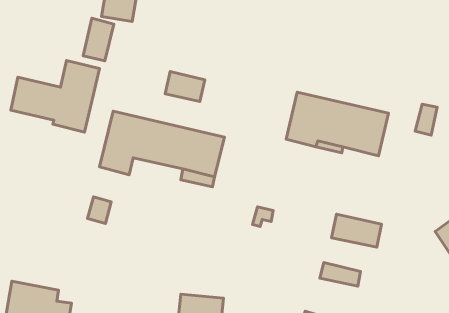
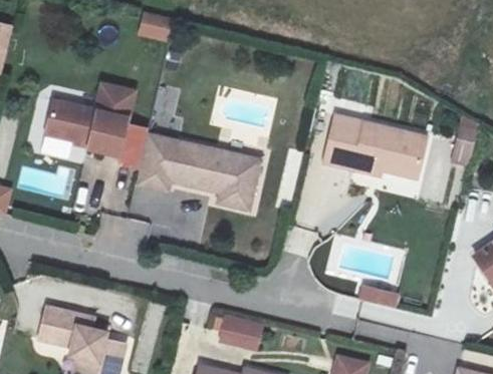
building: [83,18,114,61] -> [120,116,152,159]
building: [165,71,205,101] -> none
building: [332,214,382,247] -> none

